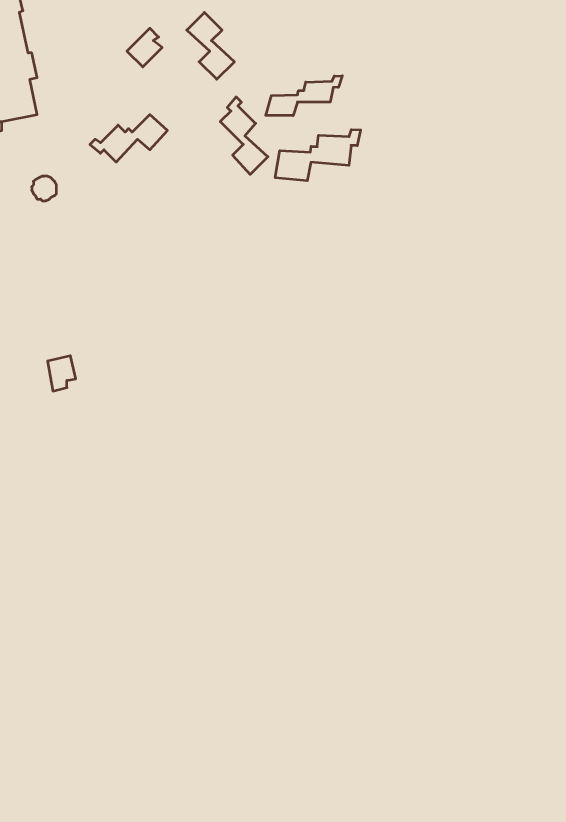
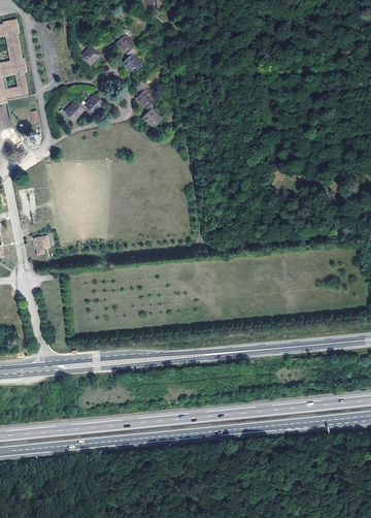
building: [266,76,342,116] -> none
building: [275,130,361,181] -> none

